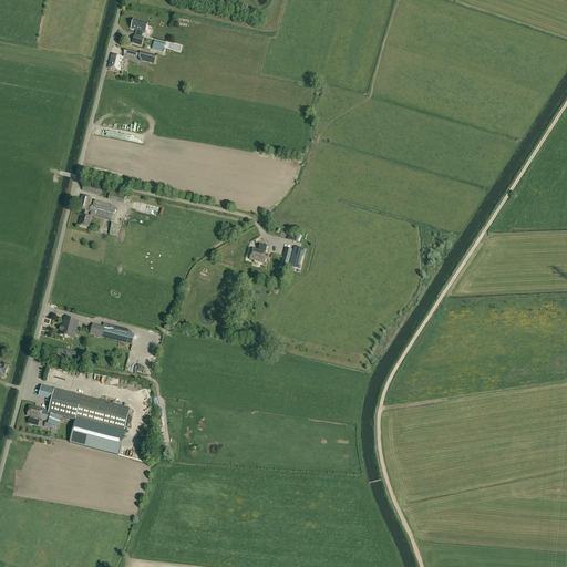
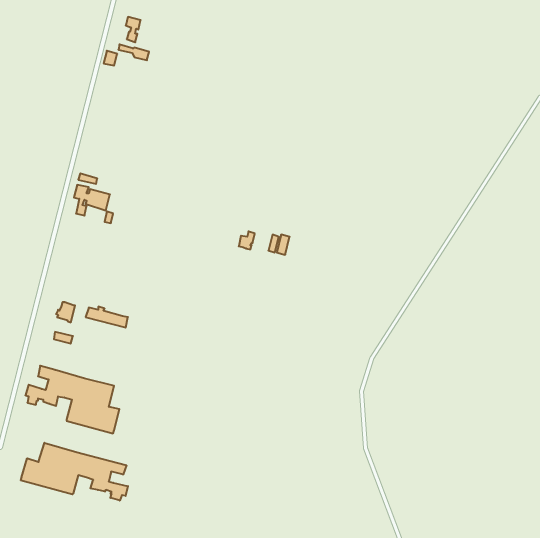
building: none -> [21,443,128,501]

